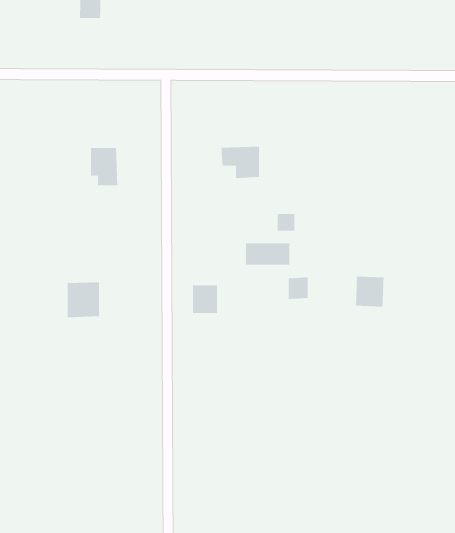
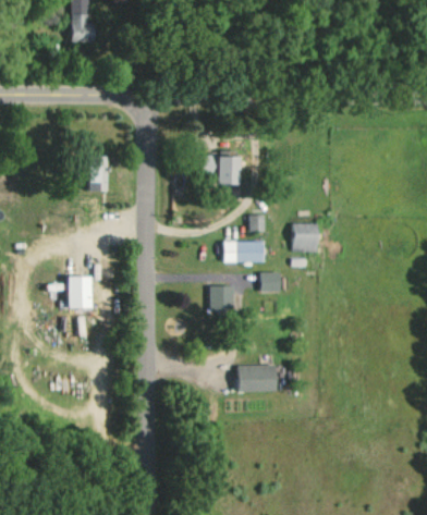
building: [355,276,384,307] -> [292,223,318,252]
building: [192,284,218,314] -> [209,286,232,312]
building: none -> [235,365,278,392]

